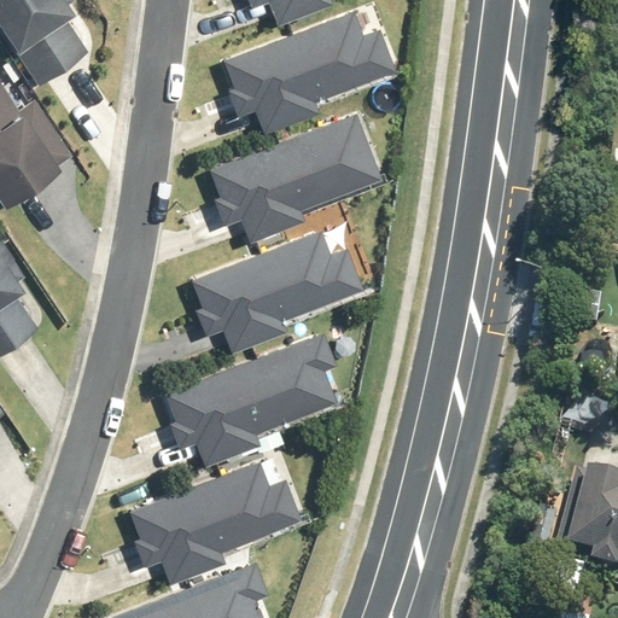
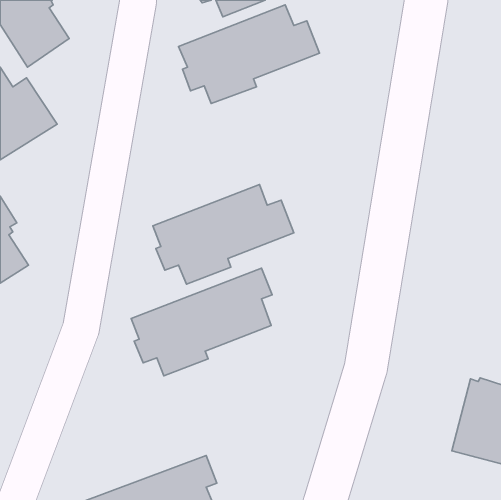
building: [209,113,381,243] -> none
building: [129,461,301,583] -> none

